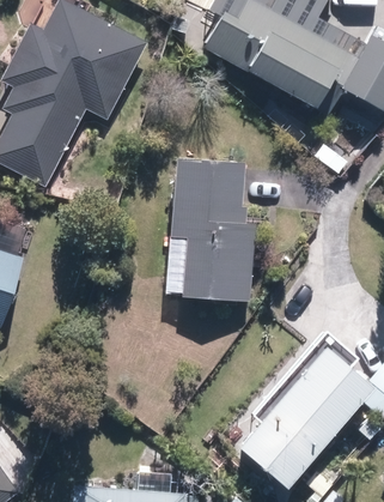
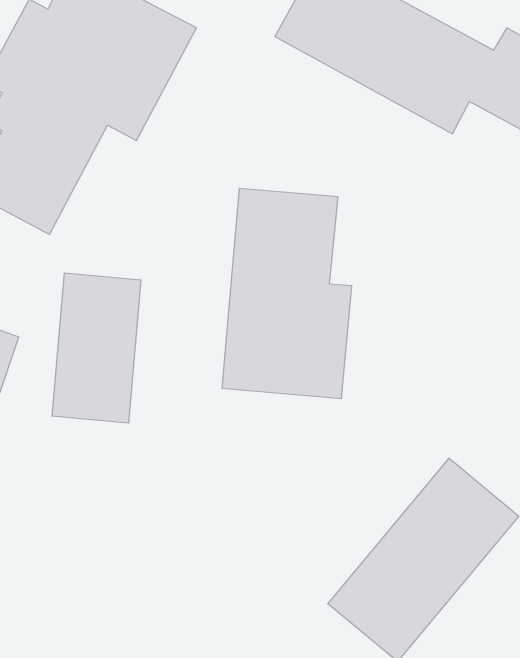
building: none -> [52,273,141,423]

